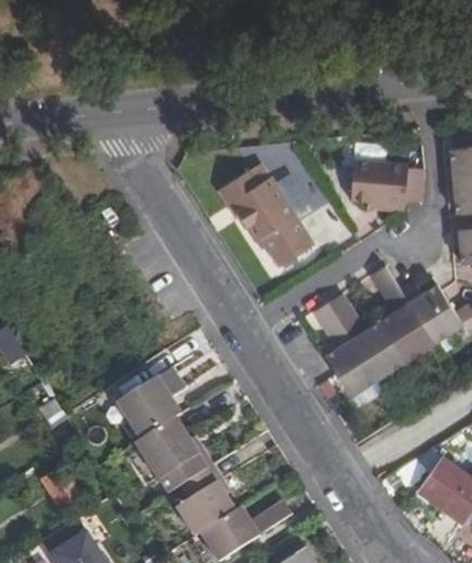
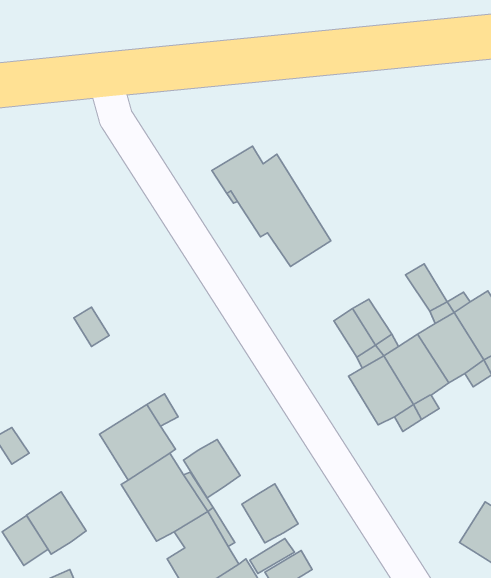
building: [354,162,424,217] -> none
building: none -> [183,439,240,498]
building: none -> [242,484,298,543]
building: none -> [26,492,86,554]

